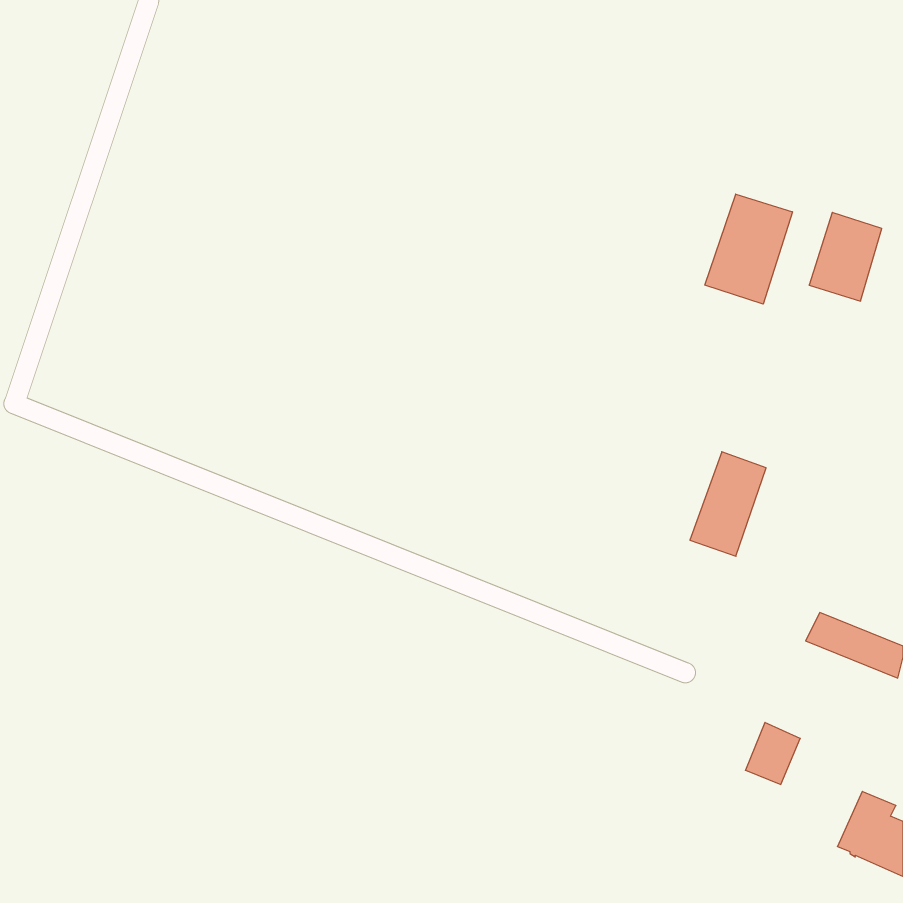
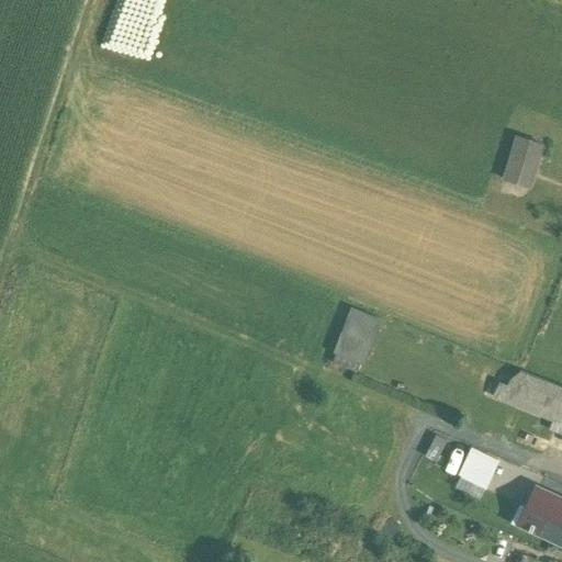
building: [705,194,792,304] -> none
building: [690,452,766,556] -> [330,305,378,370]

